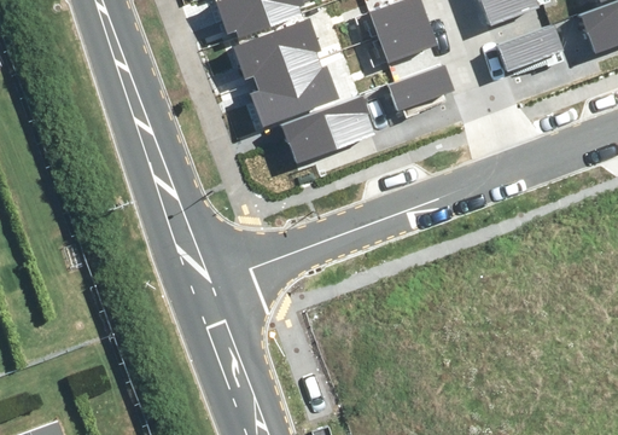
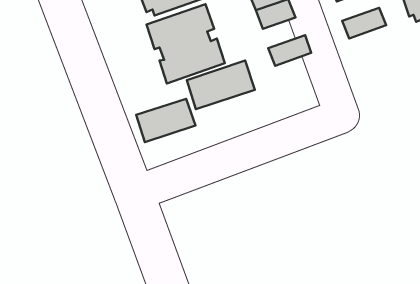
building: none -> [136,99,195,142]

